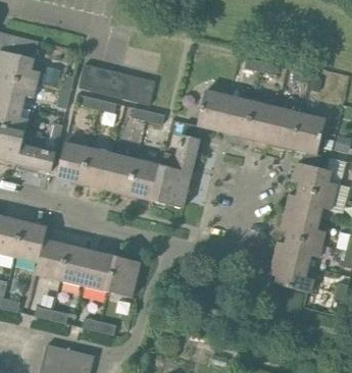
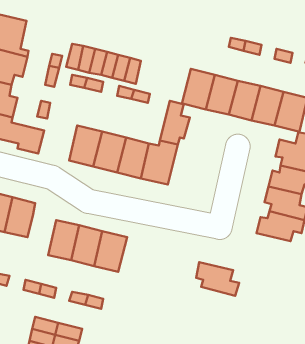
building: [56,142,90,183] -> none
building: [36,238,68,280] -> none
building: [270,258,314,292] -> [196,262,239,296]

